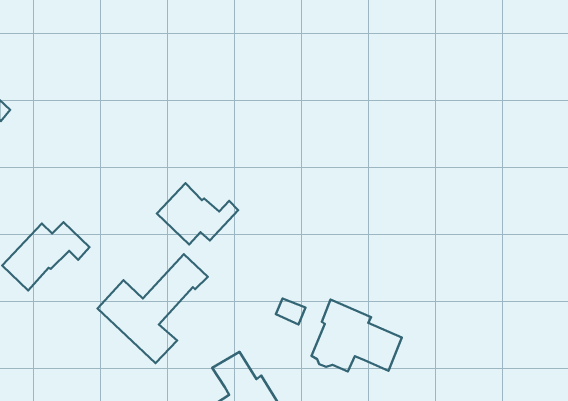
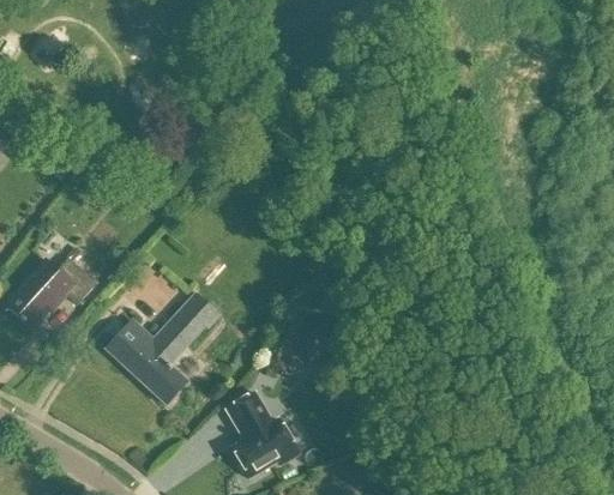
building: [157,183,238,244] -> none
building: [311,300,402,372] -> none

